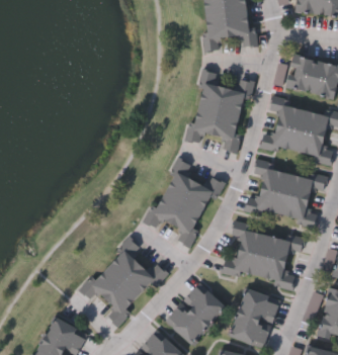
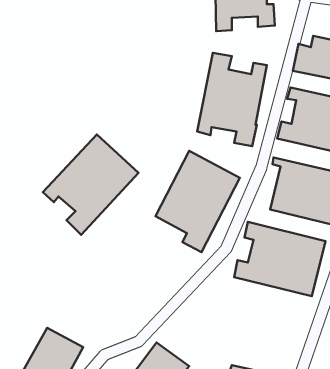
building: [83,240,169,330] -> [43,135,138,235]
building: [165,283,225,344] -> none
building: [230,288,279,348] -> none

